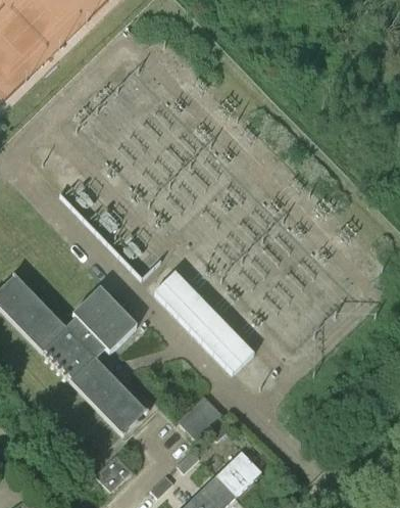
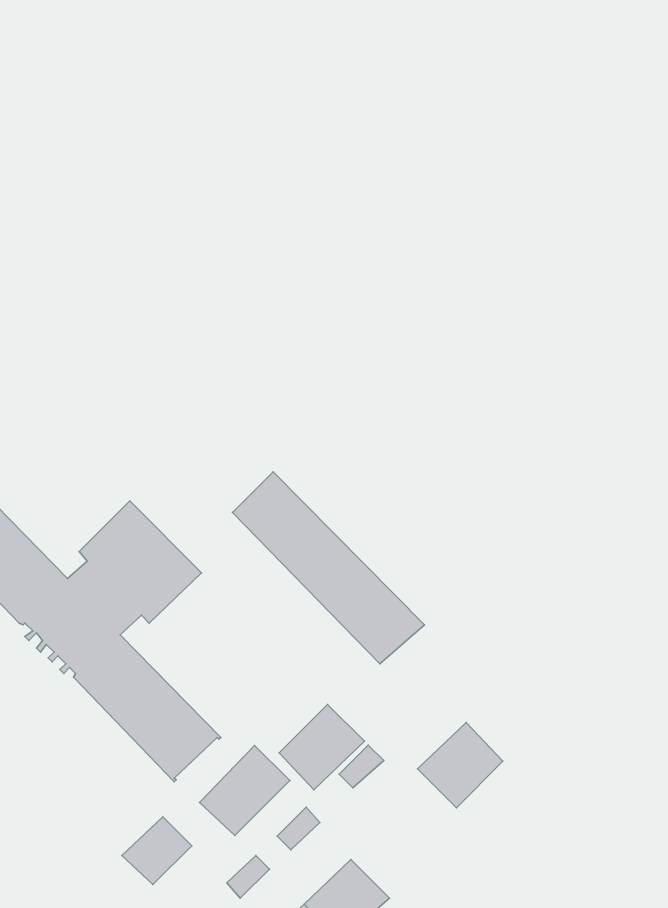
building: none -> [200,746,290,835]
building: [216,452,261,497] -> [418,722,503,808]

